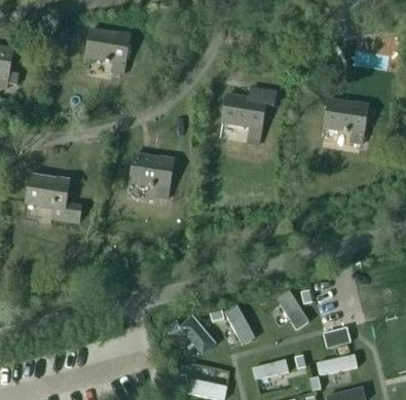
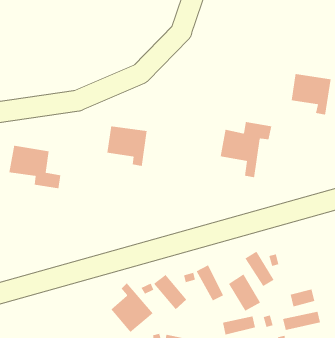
building: [86,30,130,74] -> none
building: [222,86,278,146] -> [220,121,272,178]
building: none -> [228,274,261,312]
building: none -> [111,283,153,333]

